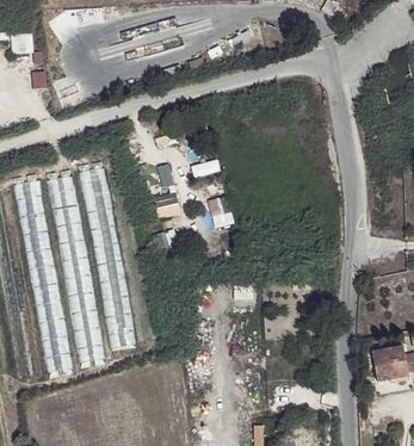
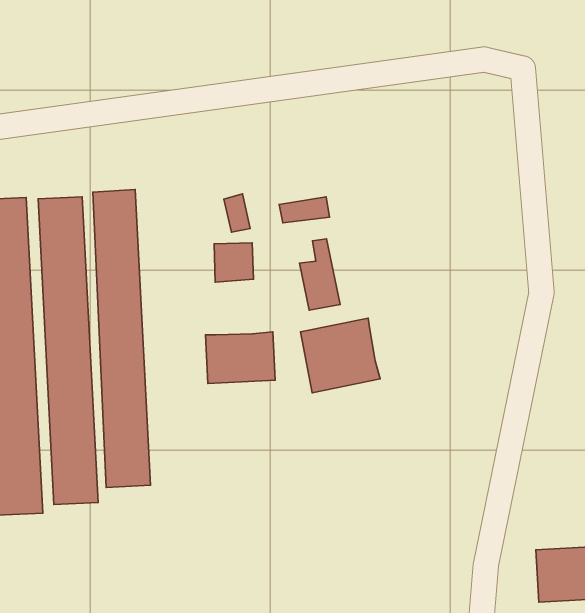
building: none -> [300,318,380,393]
building: none -> [205,332,275,383]

